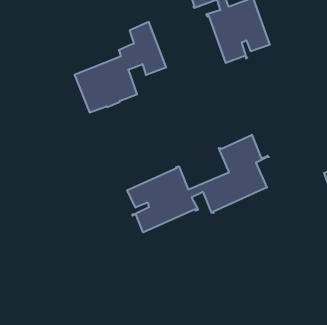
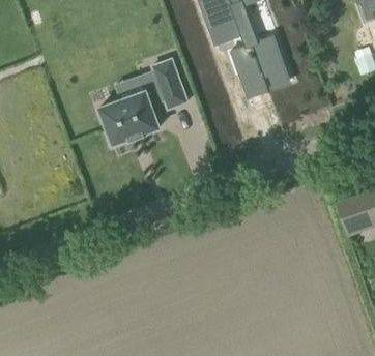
building: [127,135,269,232] -> none

